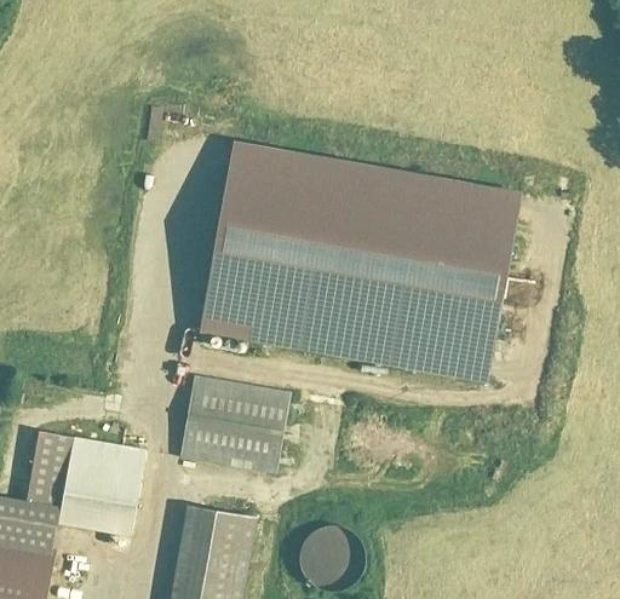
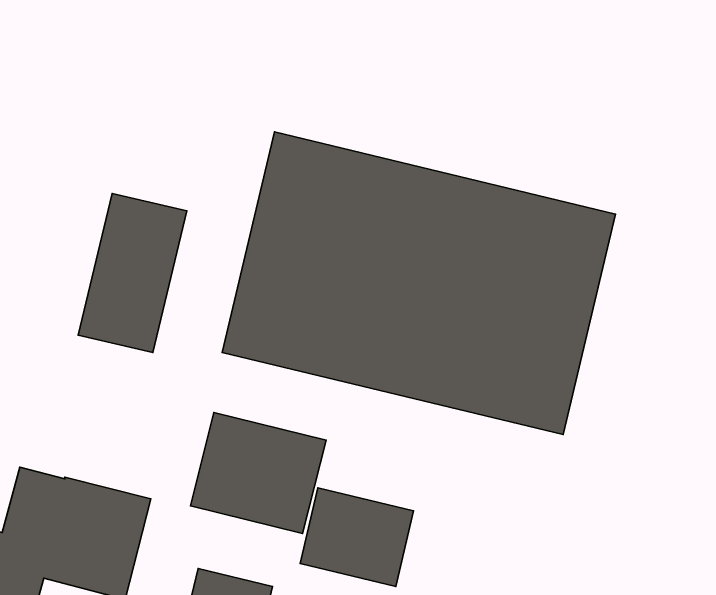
building: none -> [78,194,187,353]
building: none -> [300,488,413,587]

